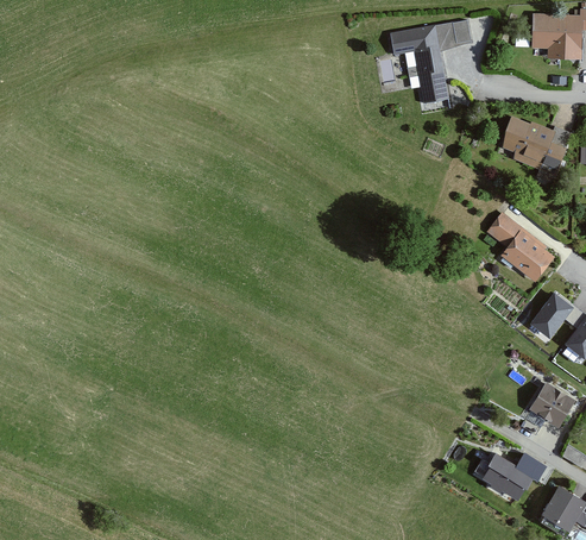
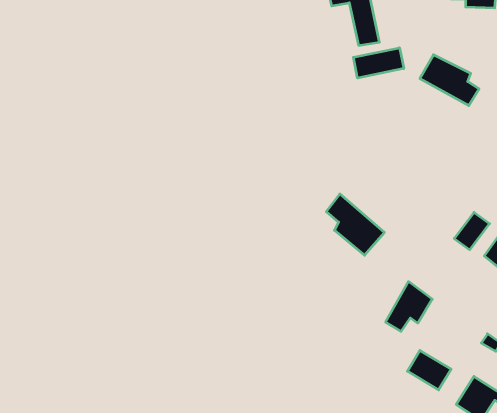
building: none -> [353,48,404,78]
building: [490,212,556,282] -> [326,194,384,255]
building: [521,379,574,437] -> [386,282,432,331]

